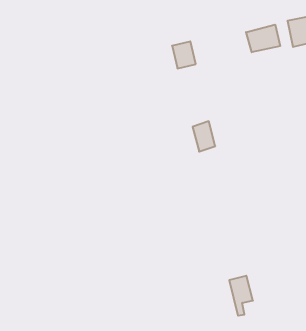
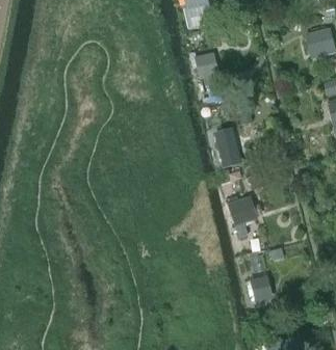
building: [246,25,280,52] -> none
building: none -> [229,198,258,226]

